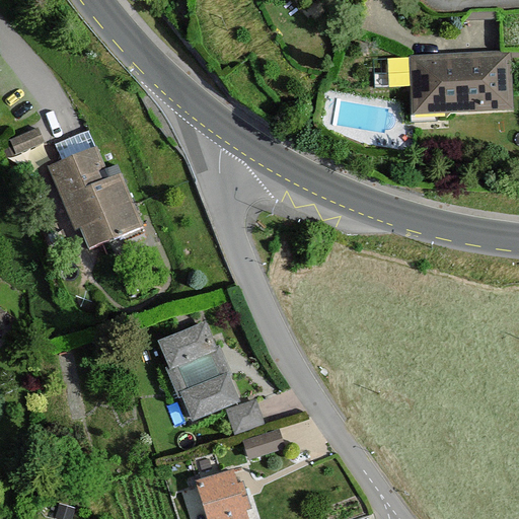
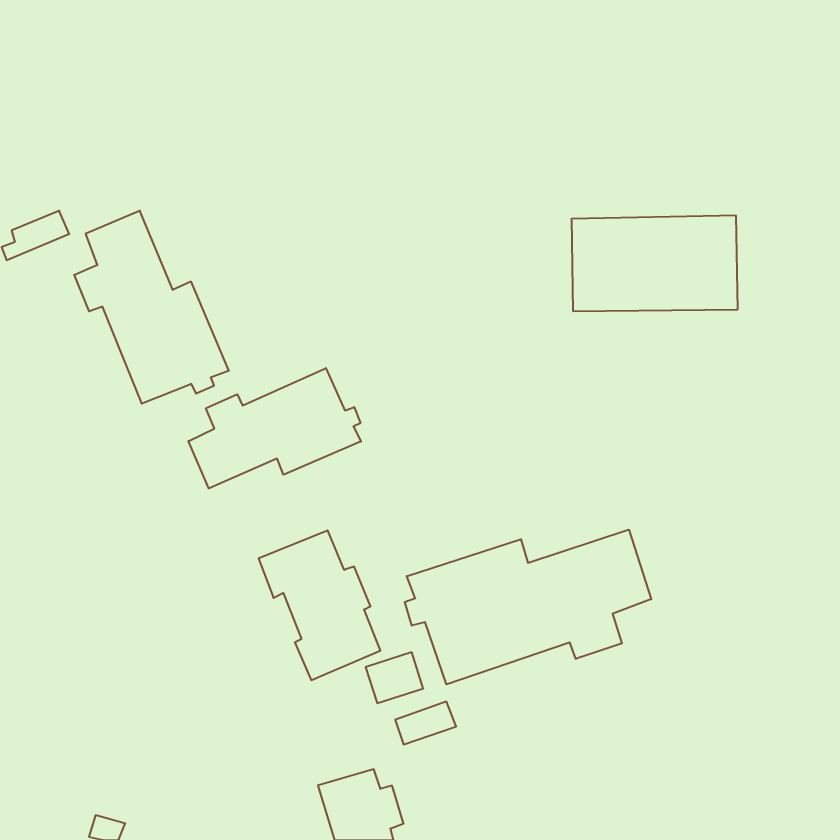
building: [405,53,508,112] -> [571,216,738,311]
building: none -> [188,368,361,488]
building: none -> [405,530,651,684]

